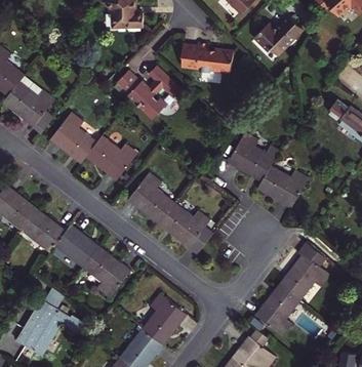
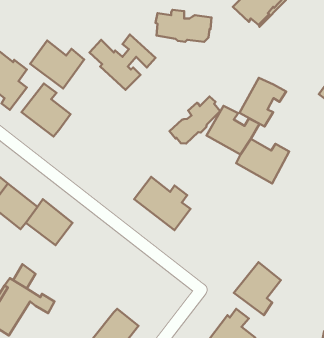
building: none -> [239,78,286,127]
building: none -> [170,96,220,144]
building: [85,134,137,180] -> [30,40,84,88]
building: [127,172,174,223] -> none
building: [278,240,330,301] -> none
building: [82,246,130,297] -> none
building: [142,293,187,345] -> none

